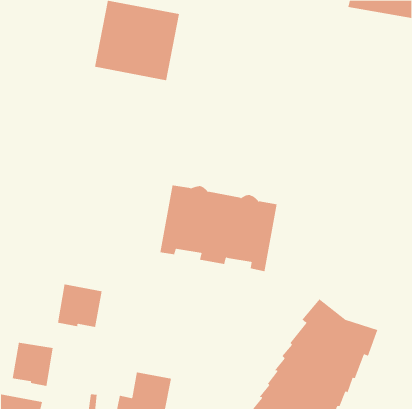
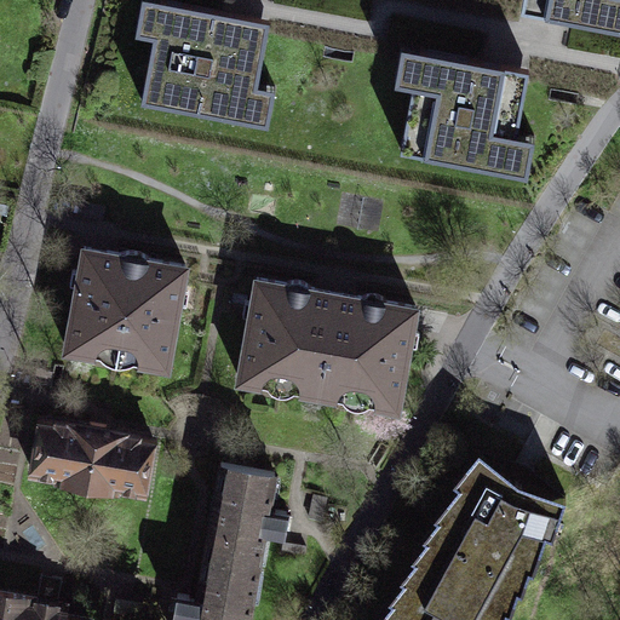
building: none -> [401,53,529,176]
building: none -> [67,252,186,372]
building: none -> [205,467,287,573]
building: [12,342,54,386] -> [33,423,96,489]

